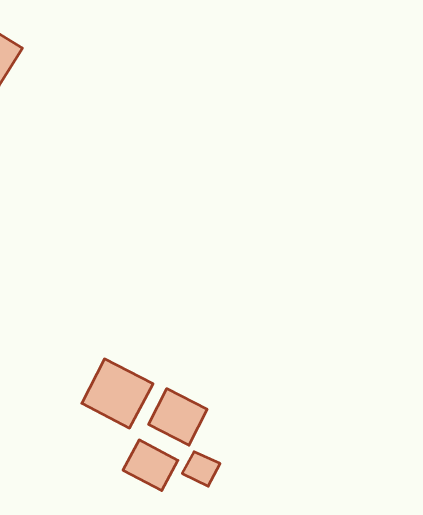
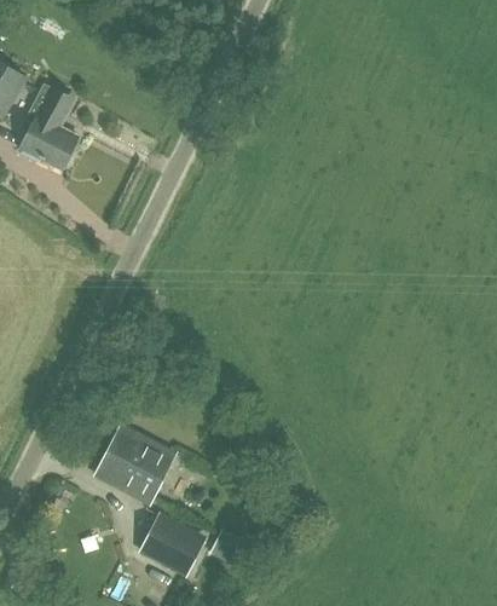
building: none -> [18,83,76,167]
building: [149,389,207,445] -> none

